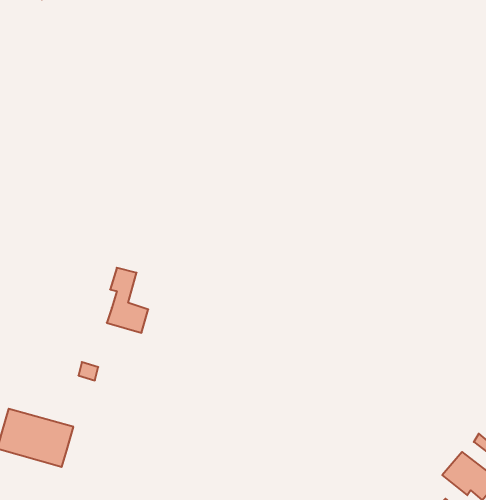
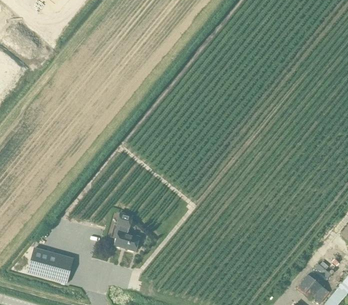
building: [107,268,148,333] -> [115,211,140,250]

